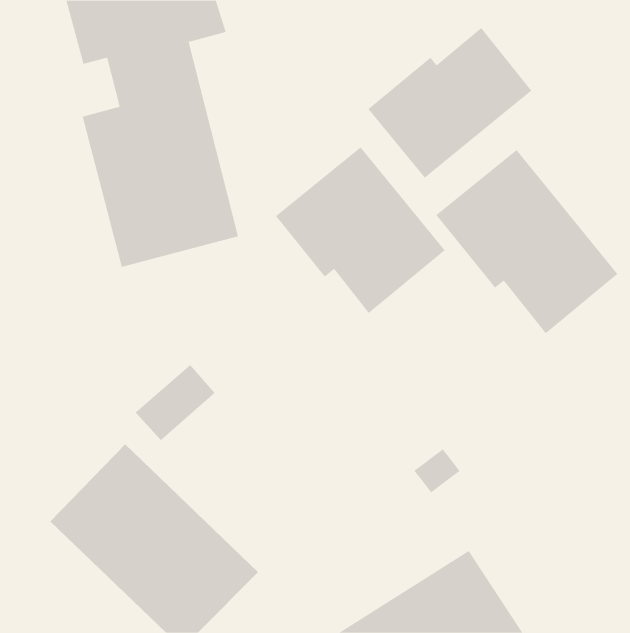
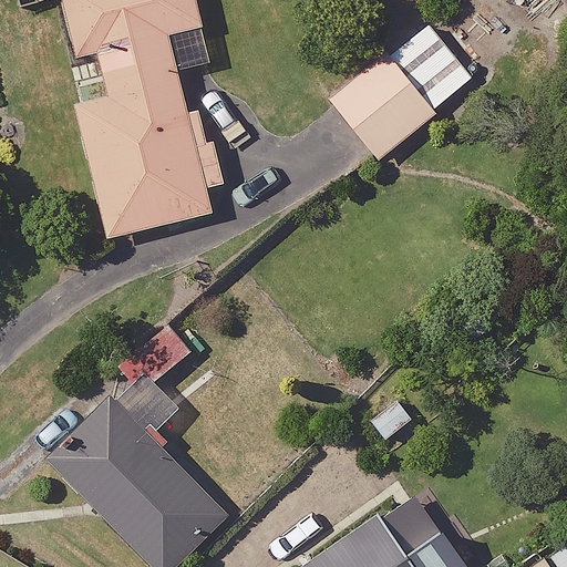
building: [275,146,445,314] -> none
building: [435,149,618,334] -> none

